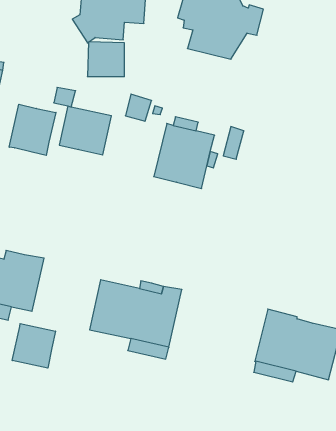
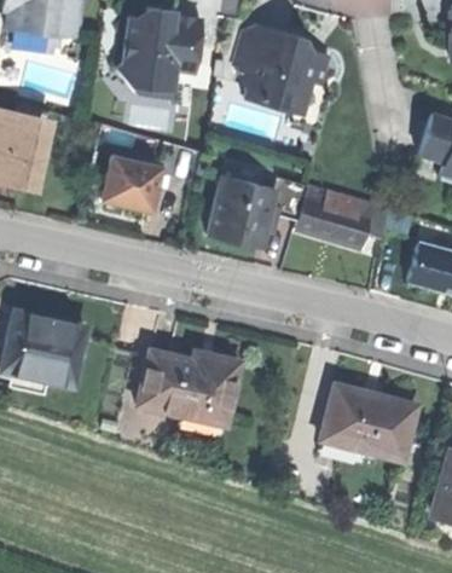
building: [9,104,56,155] -> none
building: none -> [297,190,388,249]
building: [12,324,55,368] -> none

